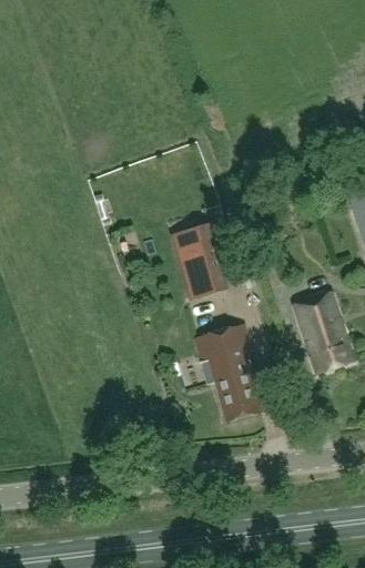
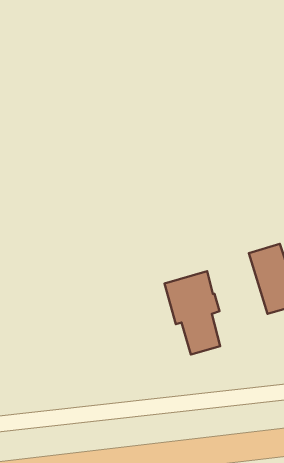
building: [179,222,229,298] -> none

